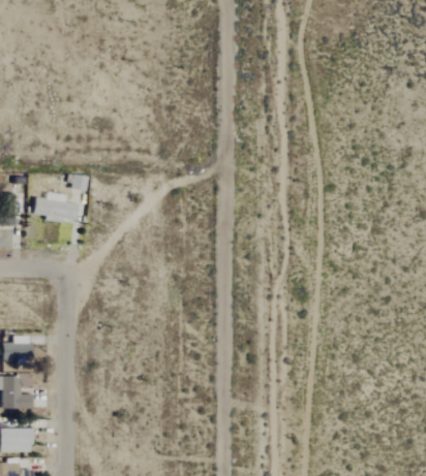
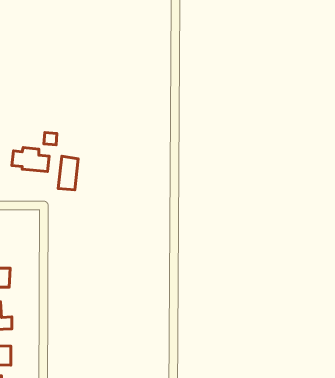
building: none -> [58,156,78,190]

